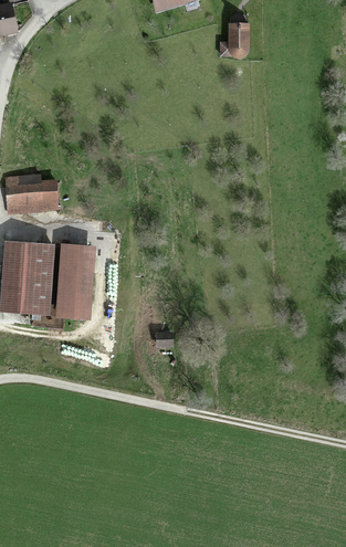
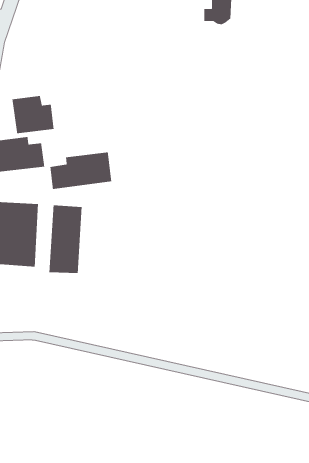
building: none -> [11,95,55,134]
building: none -> [50,151,112,190]

